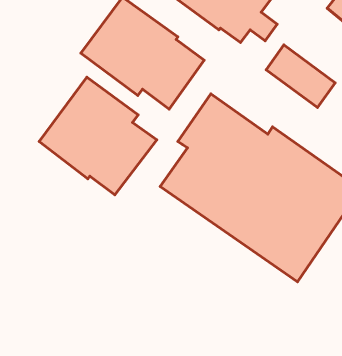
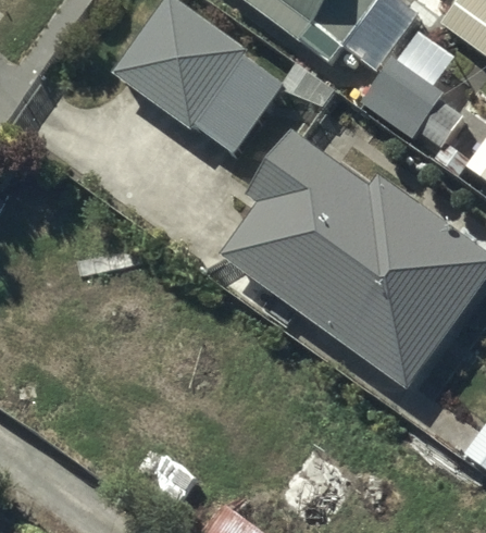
building: [39,77,157,195] -> none

